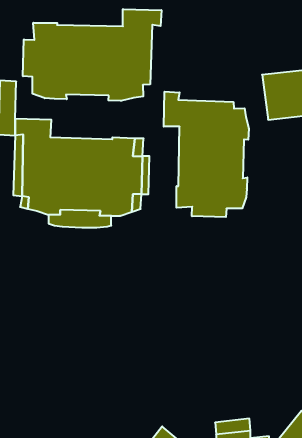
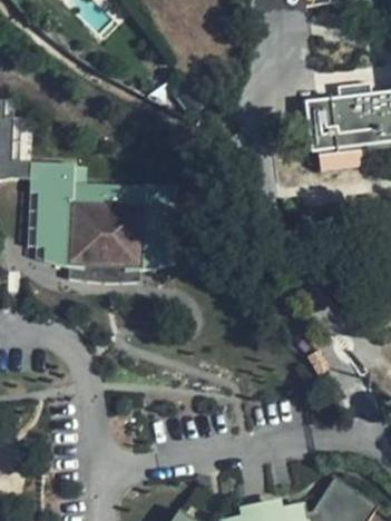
building: [23,9,161,101] -> none
building: [164,92,249,217] -> none

